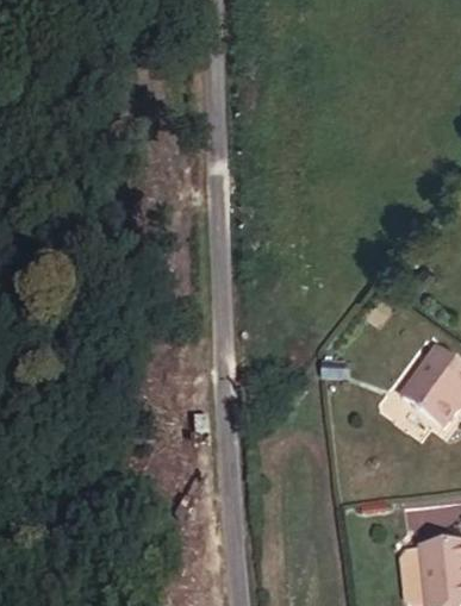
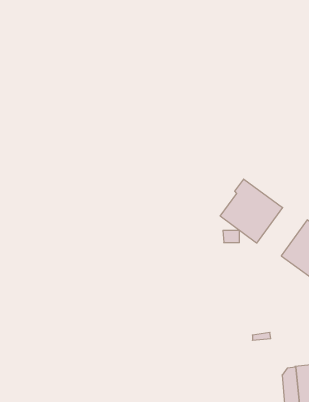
building: none -> [220,179,283,243]

